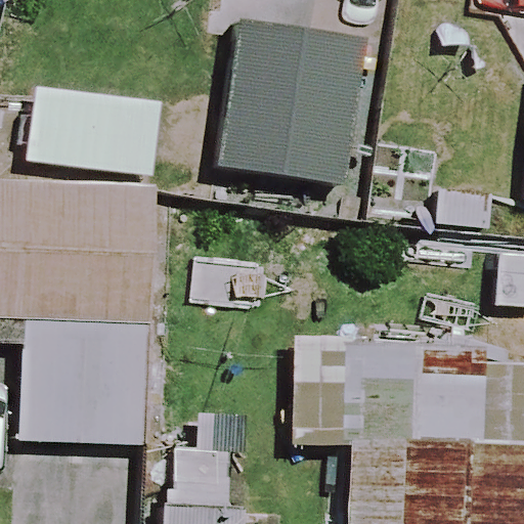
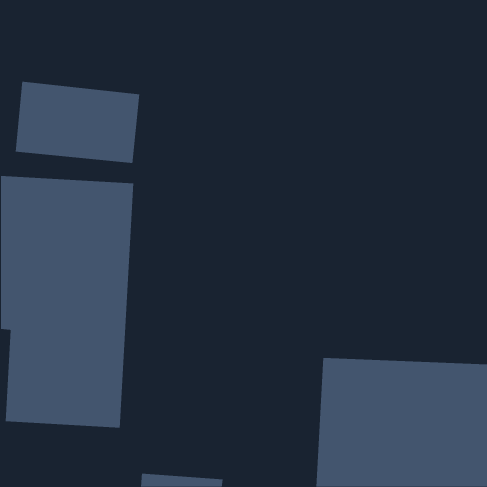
building: [216,29,366,184] -> none

